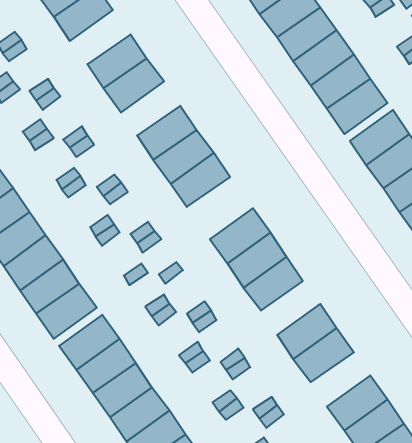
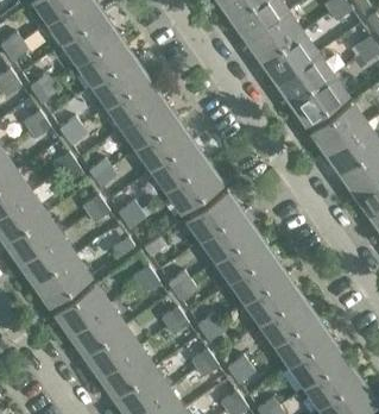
building: none -> [64,15,118,63]
building: none -> [109,79,162,126]
building: none -> [168,163,221,212]
building: none -> [233,255,285,302]
building: none -> [277,318,329,365]

